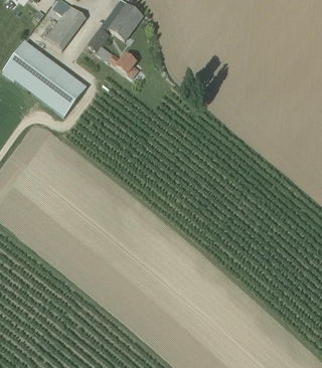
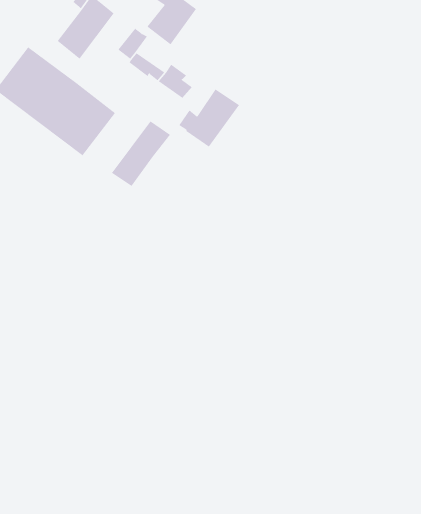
building: none -> [179,89,240,147]
building: none -> [111,121,171,187]

